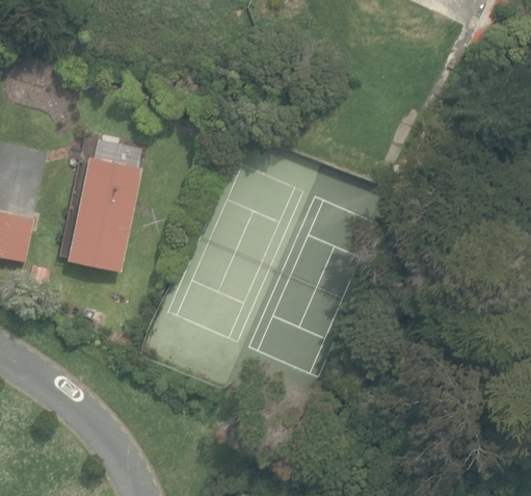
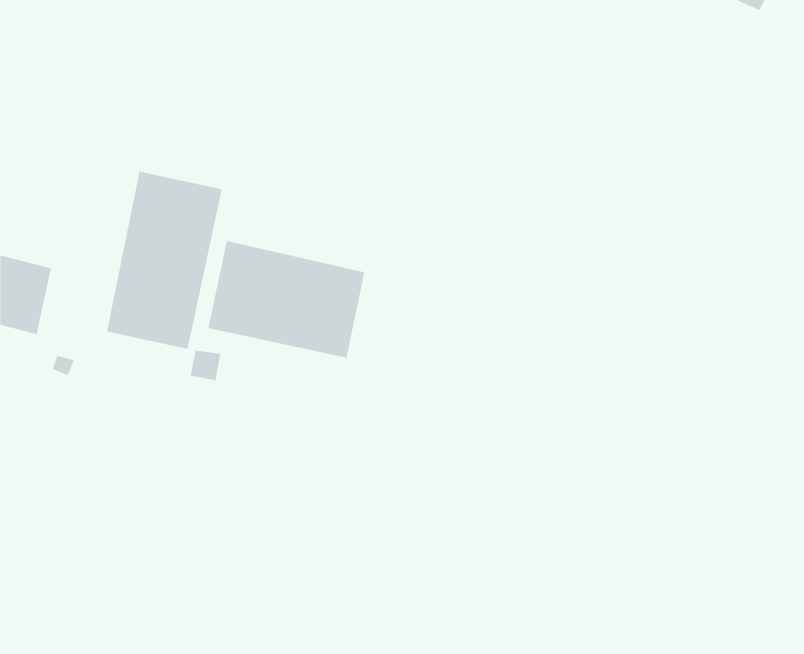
building: none -> [207,240,365,358]

